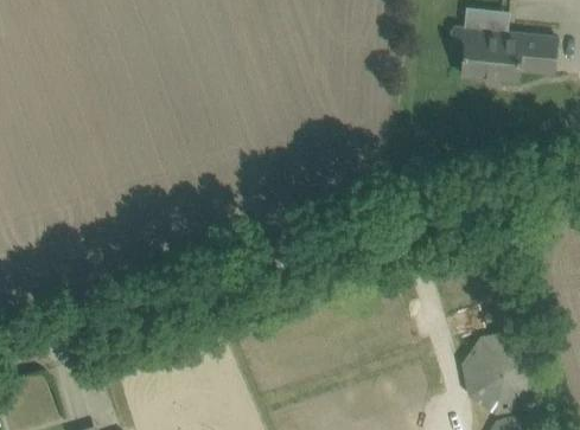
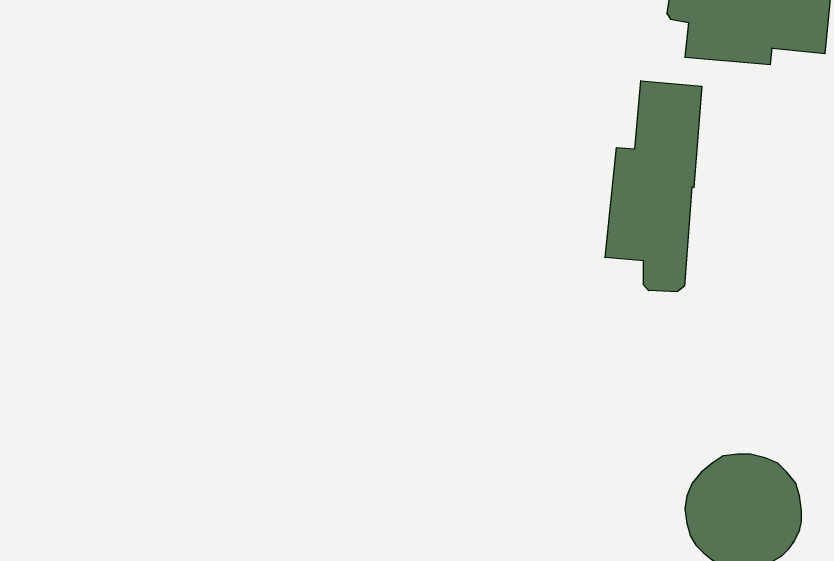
building: none -> [605,81,702,292]

